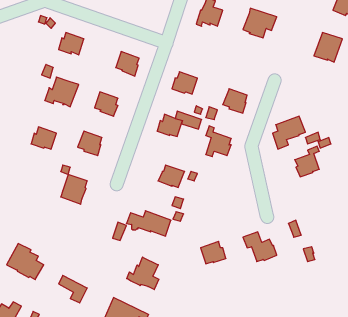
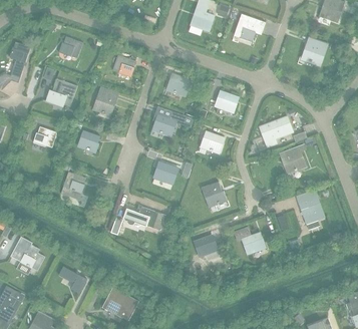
building: none -> [9,42,29,78]
building: none -> [201,181,227,206]
building: none -> [300,196,324,224]
building: [127,257,159,290] -> none

